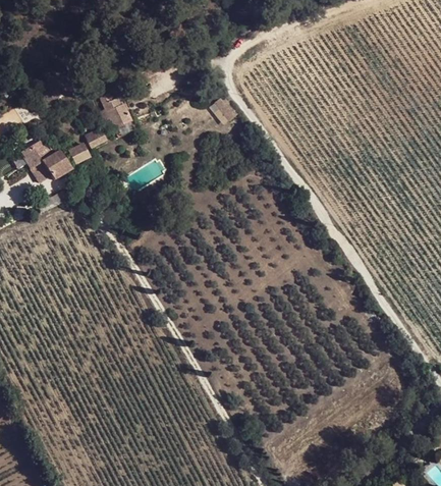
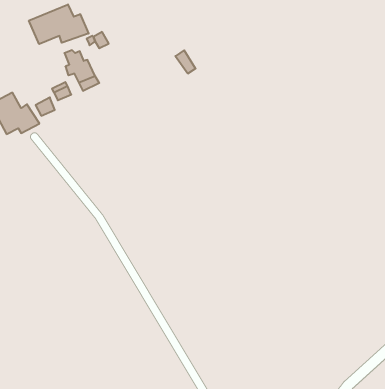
building: none -> [29,4,89,44]

